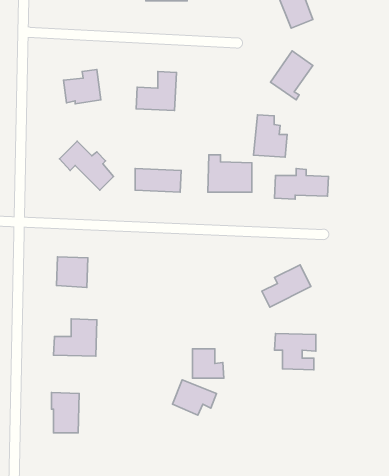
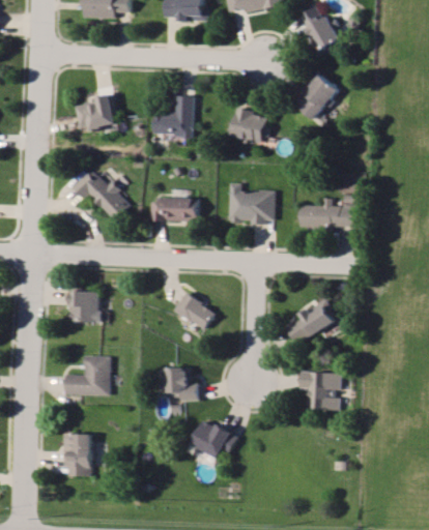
building: [254,115,287,157] -> [232,95,267,140]
building: none -> [173,292,216,330]
building: [192,349,224,378] -> [166,367,199,399]

